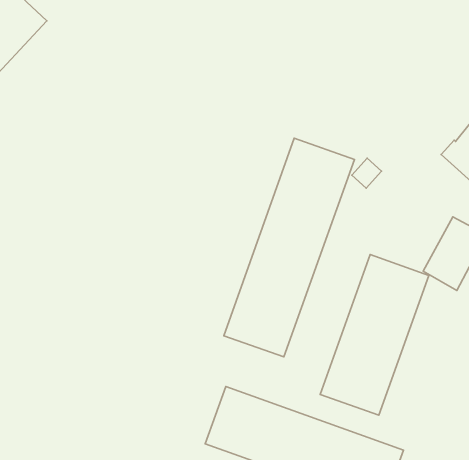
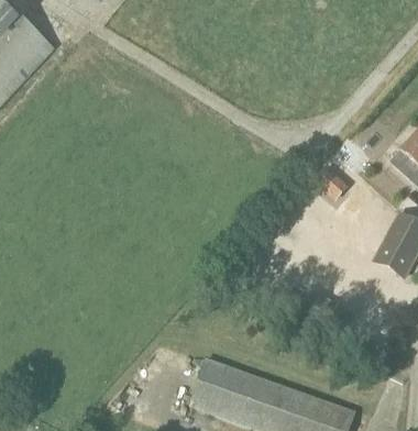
building: [224,138,355,357] -> none
building: [320,255,429,415] -> none

